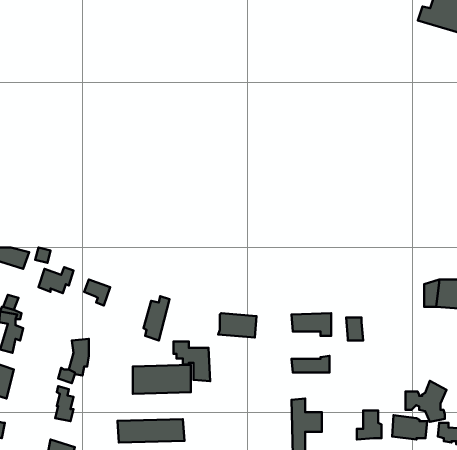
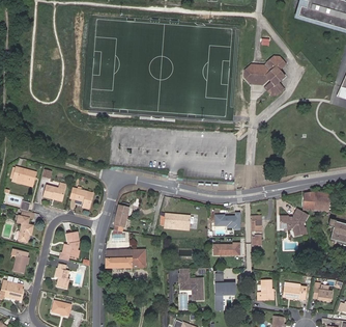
building: none -> [244,58,286,99]
building: [174,342,210,381] -> [180,274,205,301]
building: [405,381,446,422] -> [281,210,309,238]
building: [118,419,184,442] -> none

